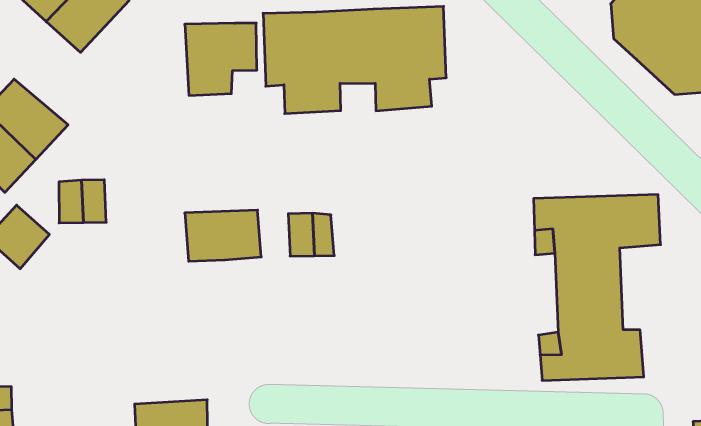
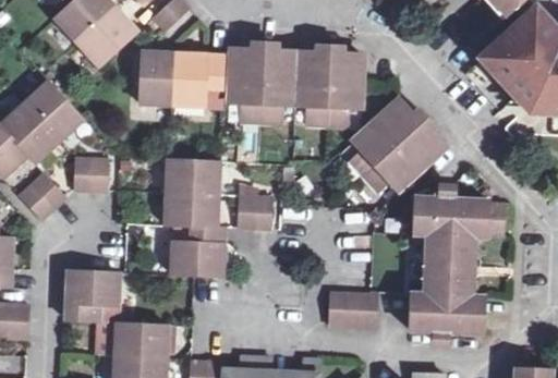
building: none -> [137,52,174,105]
building: none -> [354,93,450,185]
building: none -> [163,159,218,191]
building: none -> [169,224,221,276]
building: none -> [329,292,376,327]
building: none -> [65,270,118,320]

